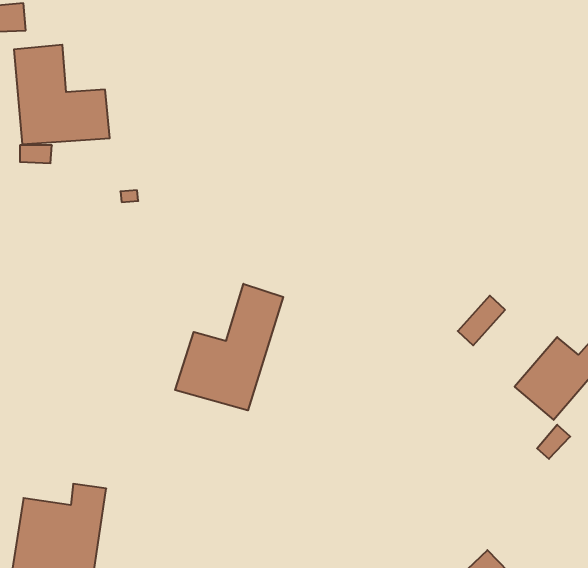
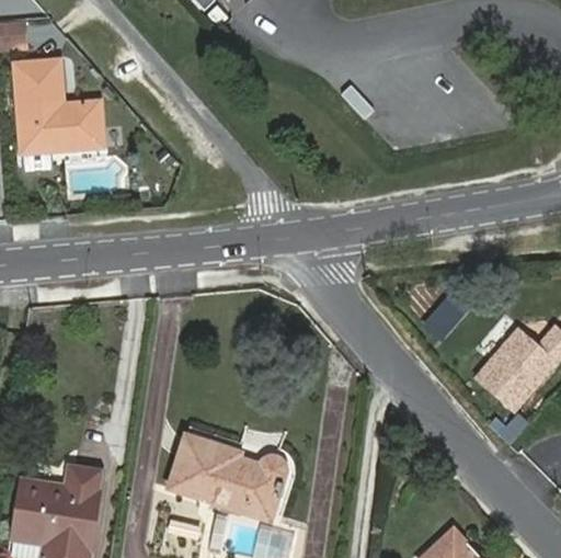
building: [175,284,283,410] -> none
building: none -> [169,434,285,519]

